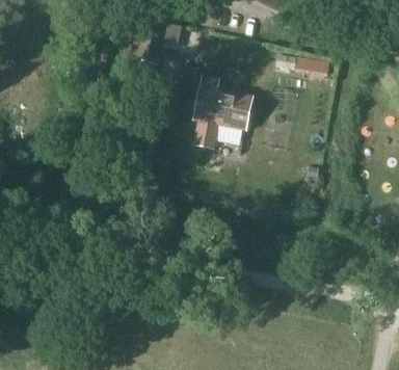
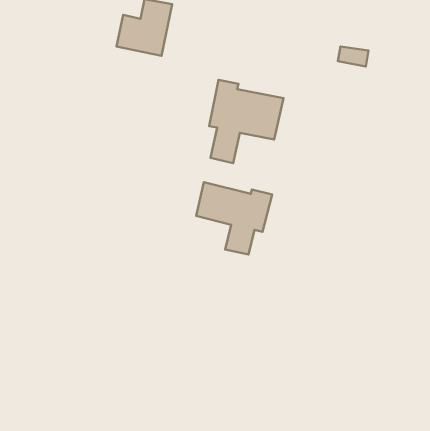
building: none -> [196,182,272,255]

